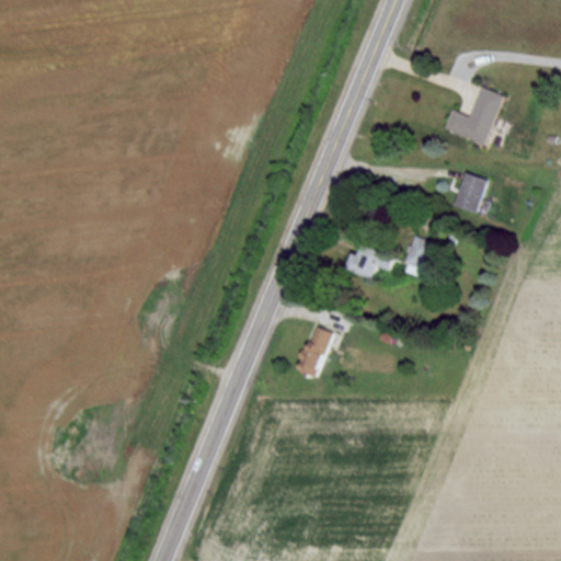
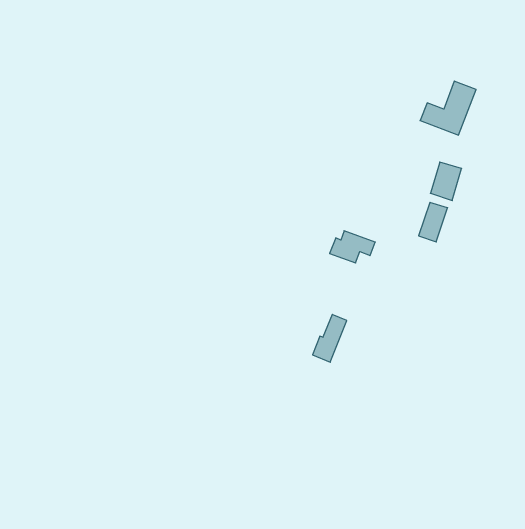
building: [400,237,431,278] -> [419,202,448,242]
building: [295,327,331,377] -> [313,314,347,362]

